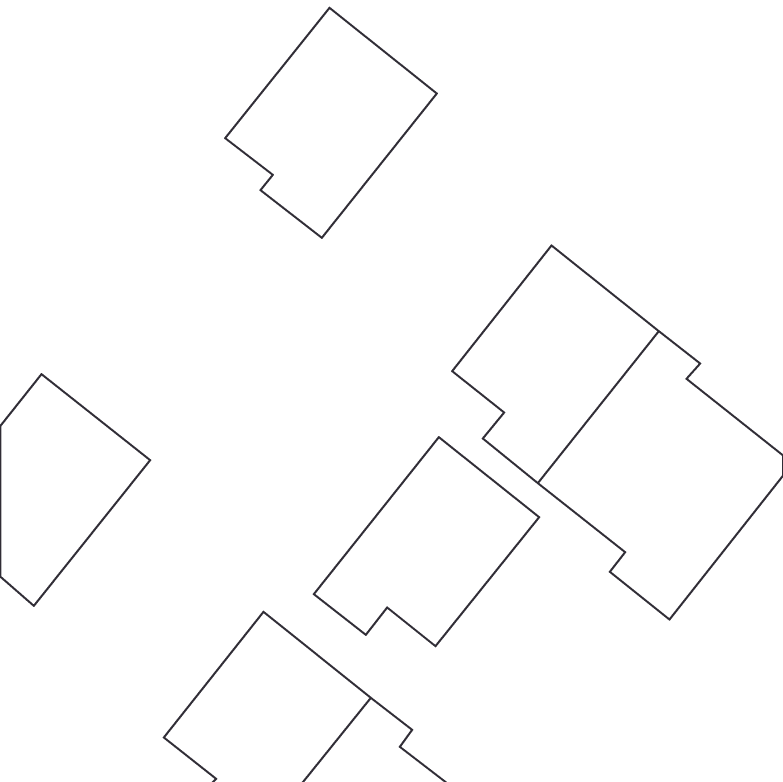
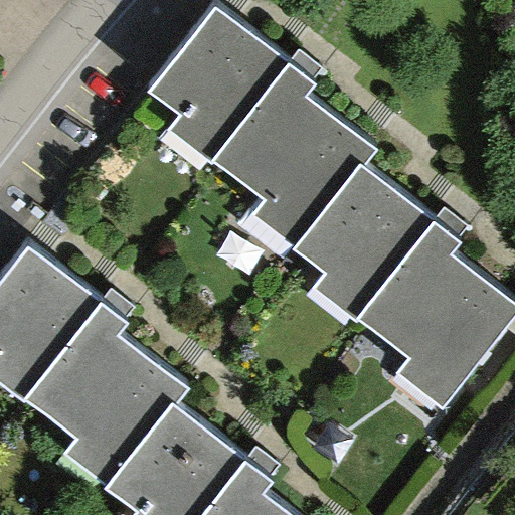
building: none -> [211,62,373,244]
building: [314,437,539,646] -> none
building: none -> [22,303,184,485]

